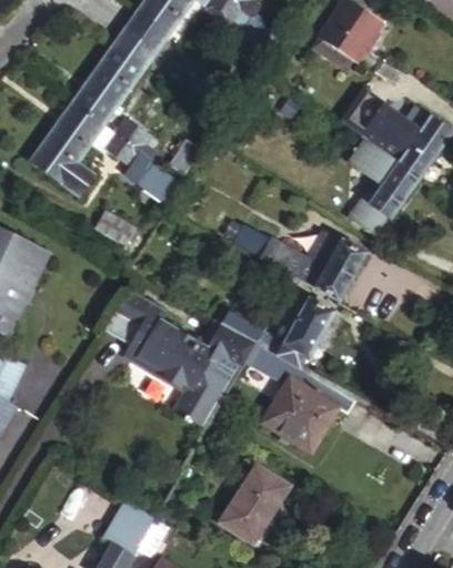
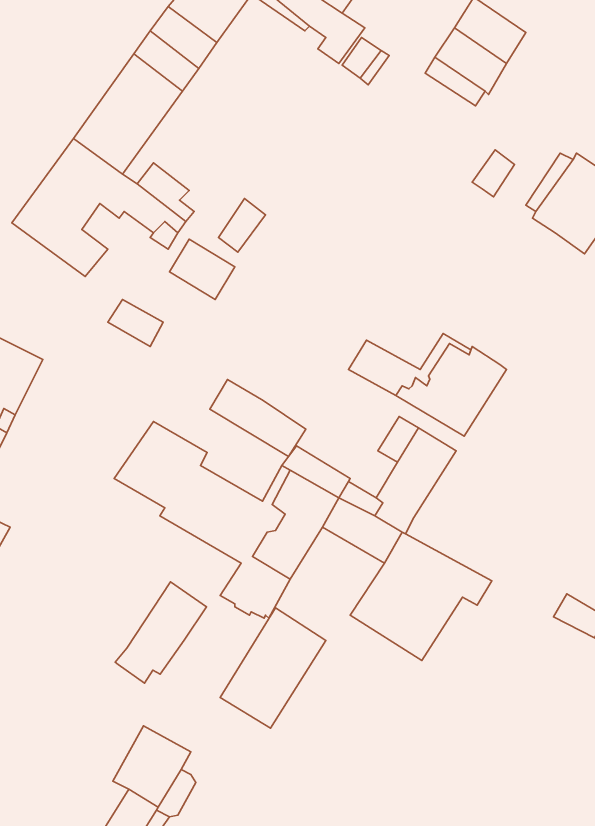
building: [348,139,422,234] -> none
building: none -> [210,379,306,457]
building: none -> [115,582,207,683]
building: [217,467,289,549] -> [220,608,326,728]

